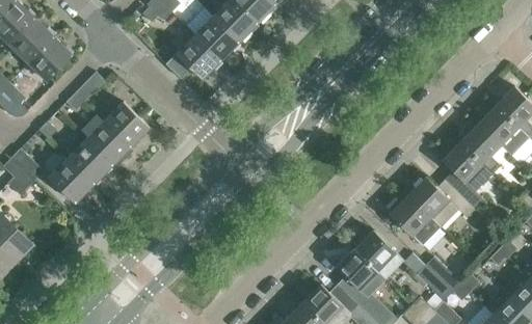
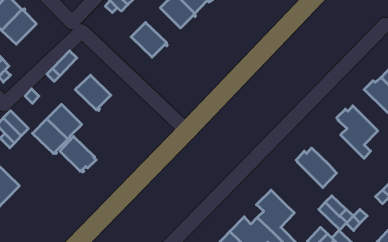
building: [194,16,240,60] -> none
building: [28,35,73,81] -> none
building: [86,120,133,166] -> [60,136,96,172]
building: [460,120,501,173] -> none
building: [407,174,475,227] -> none
building: [355,231,396,271] -> none

